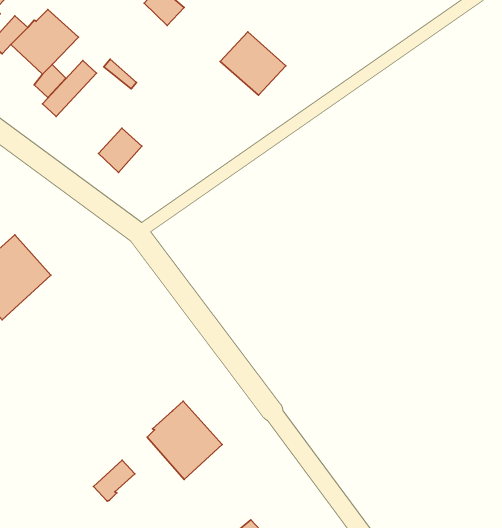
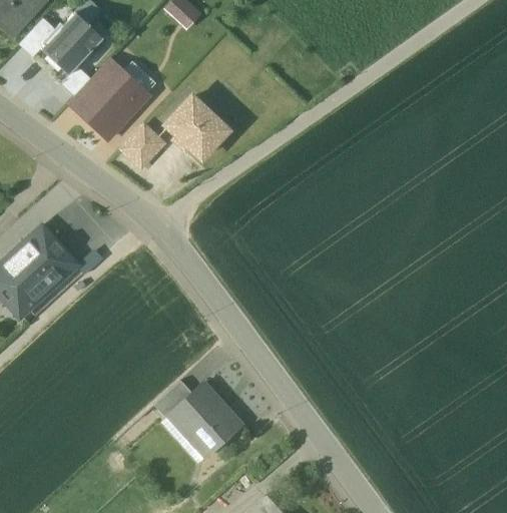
building: [220,32,286,95] -> [167,97,229,157]
building: none -> [83,70,150,139]
building: [94,460,135,501] -> [154,380,193,419]

